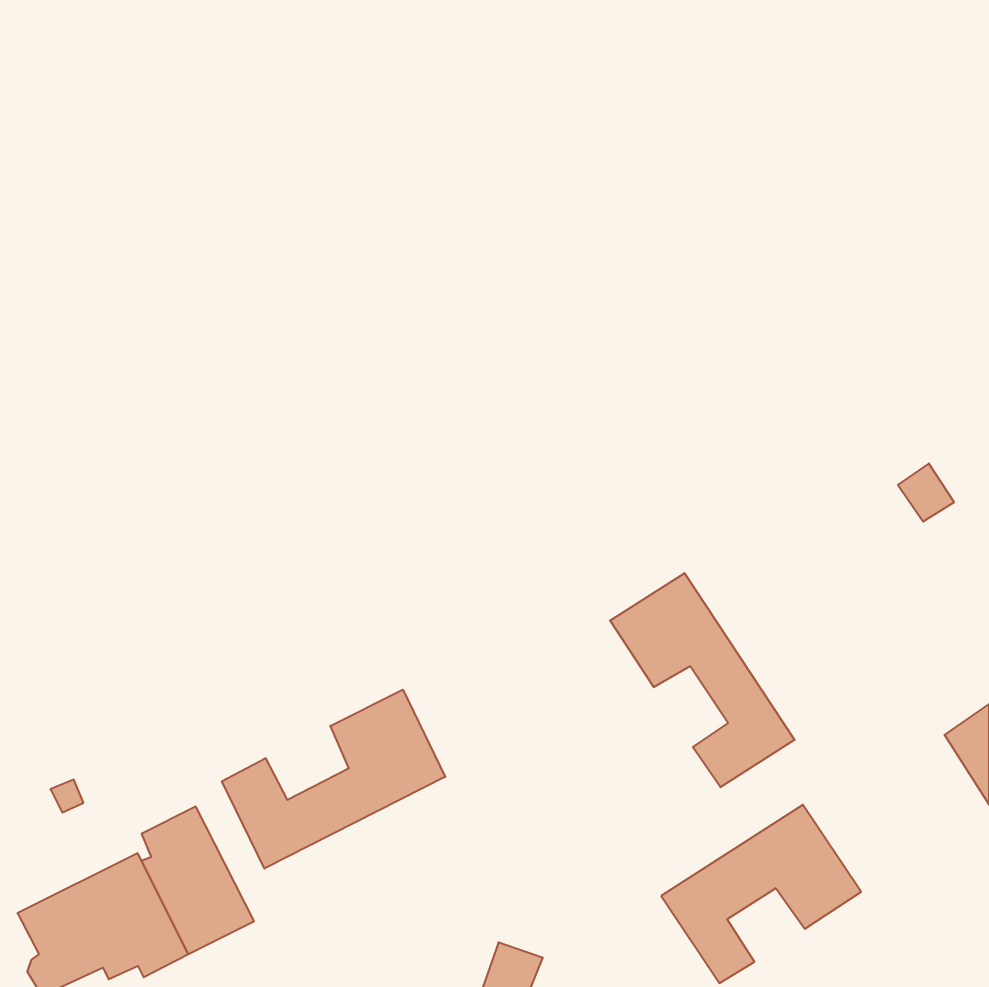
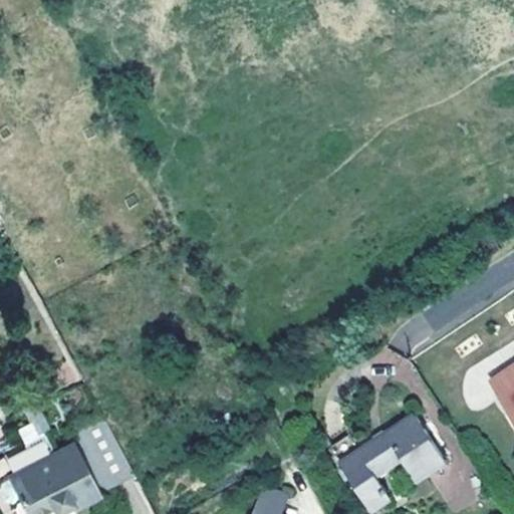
building: [610,573,795,787] -> none
building: [222,690,445,869] -> none

